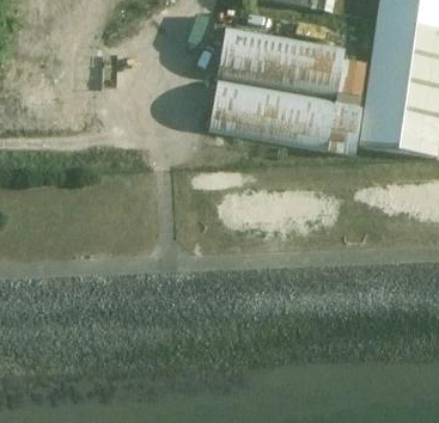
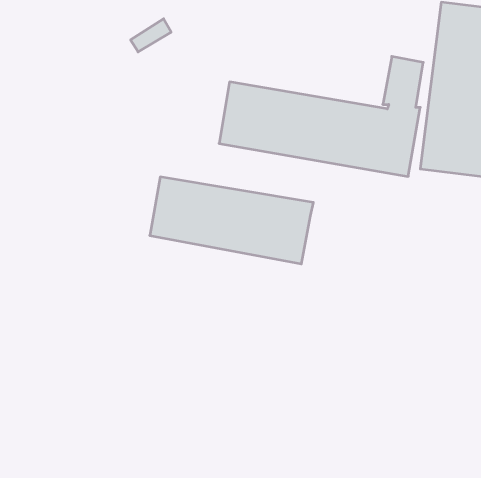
building: [211,26,341,96] -> [150,177,313,264]

